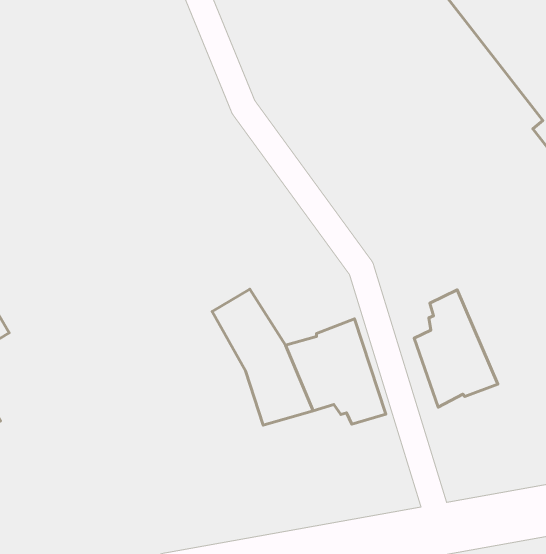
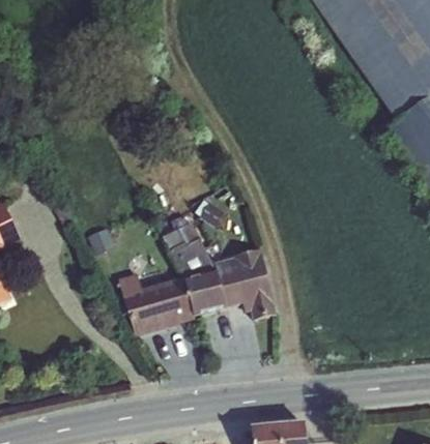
building: [414,290,498,407] -> none
building: none -> [120,277,190,334]

